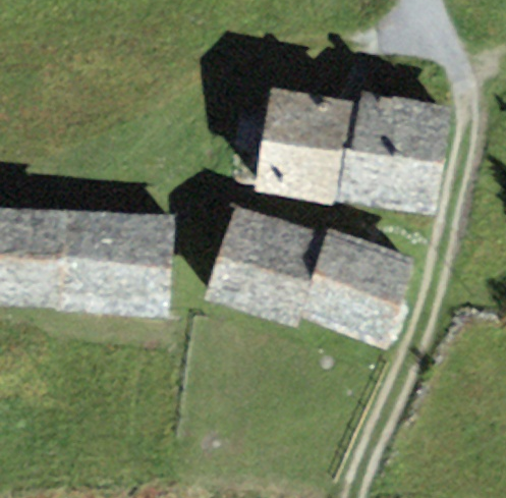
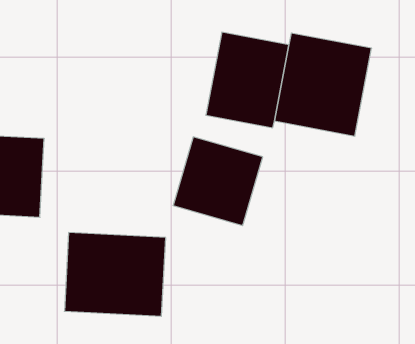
building: [49,215,172,317] -> [64,233,166,316]
building: [296,227,412,344] -> none

